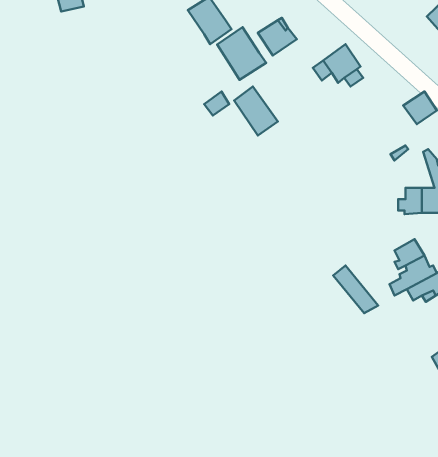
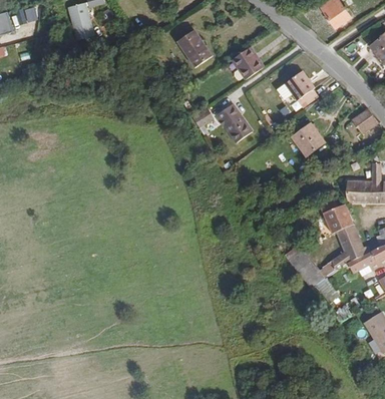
building: [217,27,266,80] -> none
building: none -> [293,123,326,155]
building: none -> [322,202,357,235]

